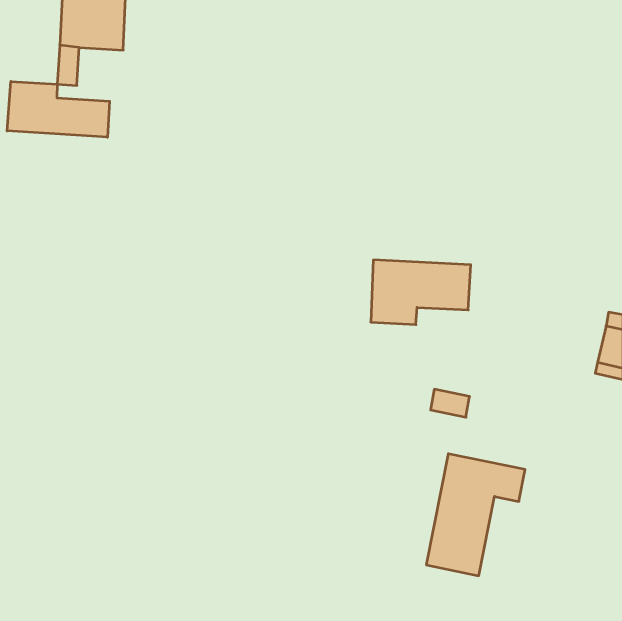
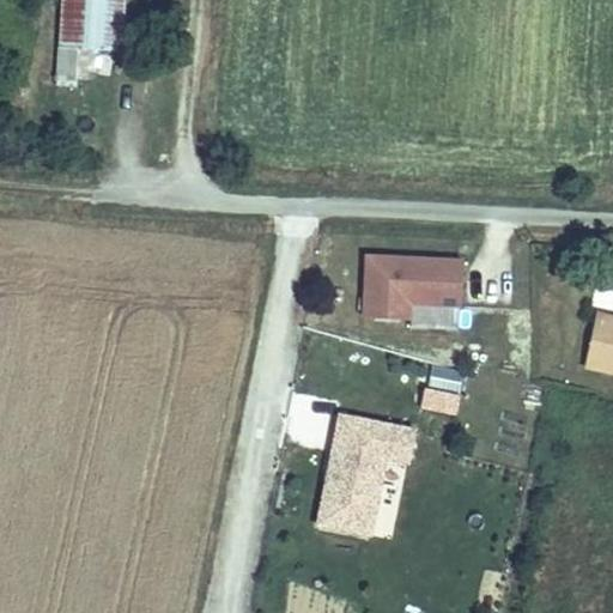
building: [7,81,110,137] -> none
building: [426,454,525,576] -> [318,414,415,534]

